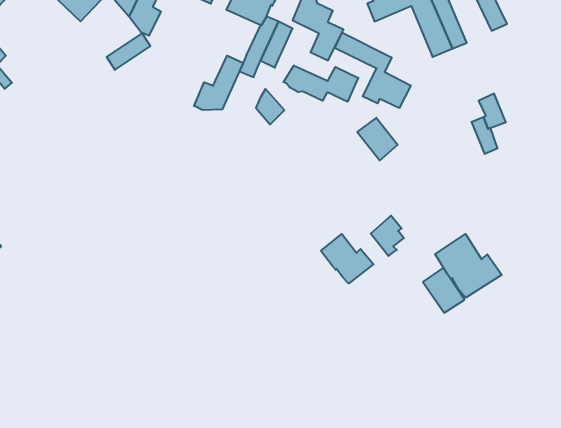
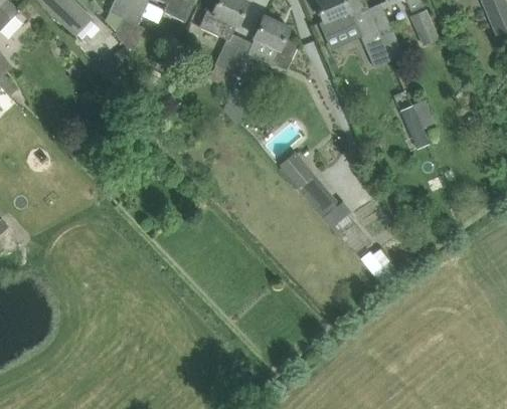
building: [335,33,411,108] -> none
building: [194,56,243,110] -> none
building: [283,65,358,102] -> none
building: [357,118,398,160] -> [279,152,313,188]
building: [321,234,374,283] -> none
building: [435,234,502,298] -> none

